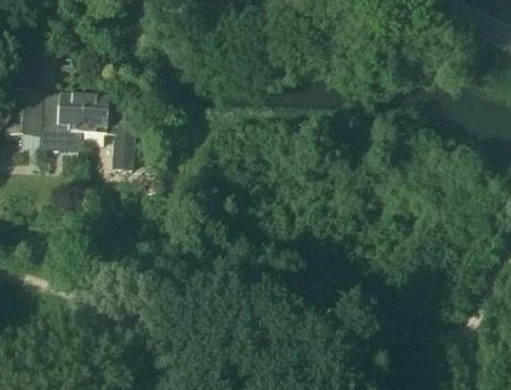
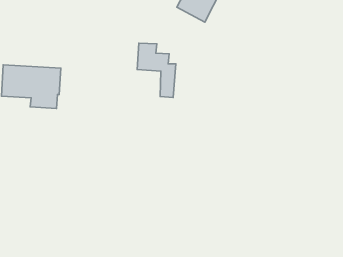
building: [83,95,135,168] -> [137,43,176,97]

